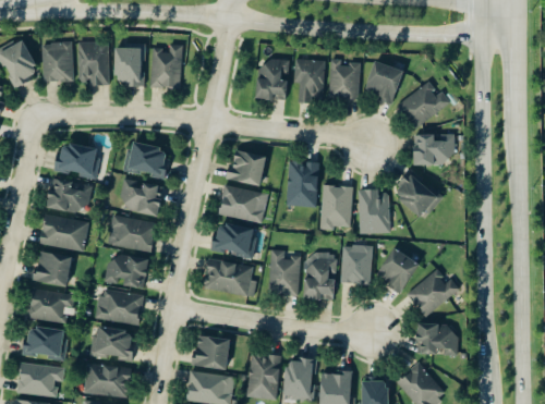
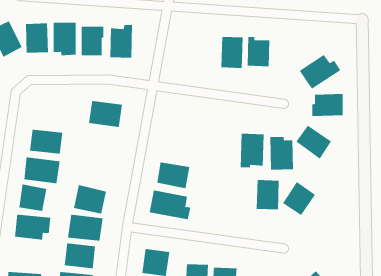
building: [255,59,289,100] -> none
building: [363,61,403,103] -> none
building: [56,142,99,180] -> none
building: [226,150,266,186] -> none
building: [288,161,318,206] -> none
building: [120,180,161,216] -> none
building: [218,185,268,224] -> none
building: [109,217,155,250] -> none
building: [267,250,300,295] -> none
building: [304,254,337,299] -> none
building: [407,268,459,317] -> none
building: [416,323,459,356] -> none
building: [25,327,69,362] -> none

